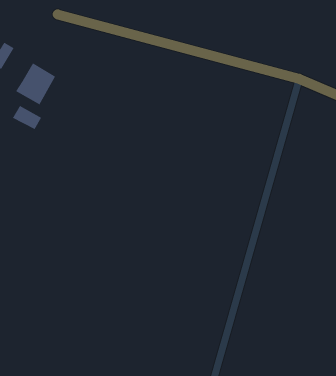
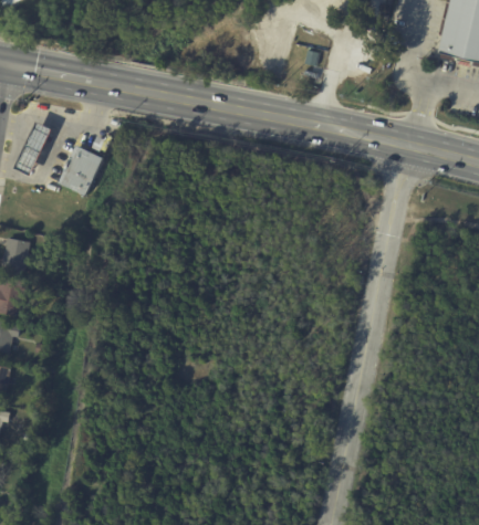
building: [12,105,42,130] -> none

